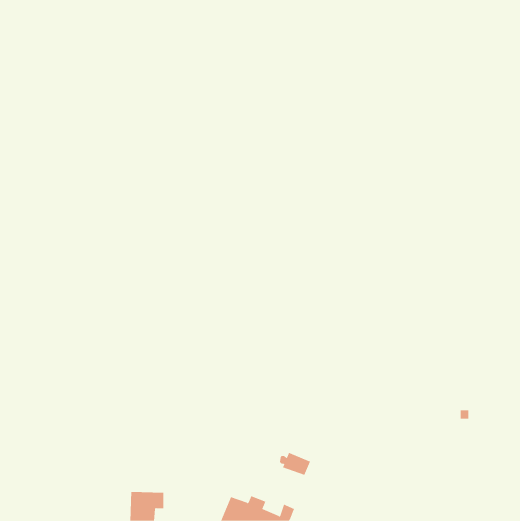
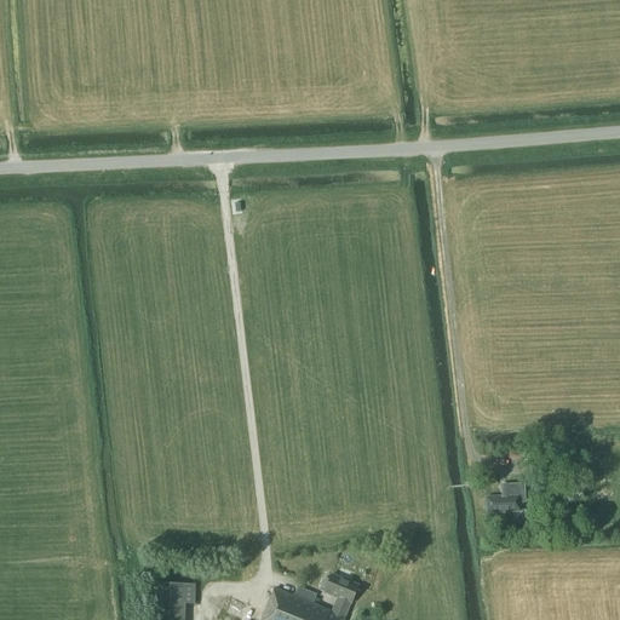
building: none -> [487,483,526,513]
building: [279,452,311,476] -> [322,575,360,603]

